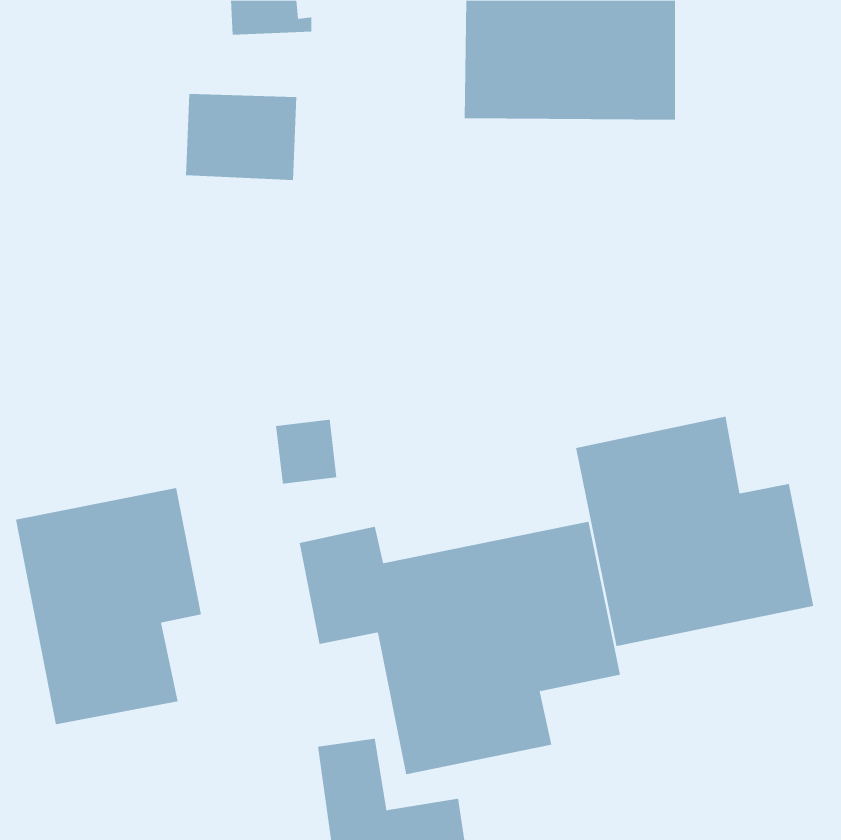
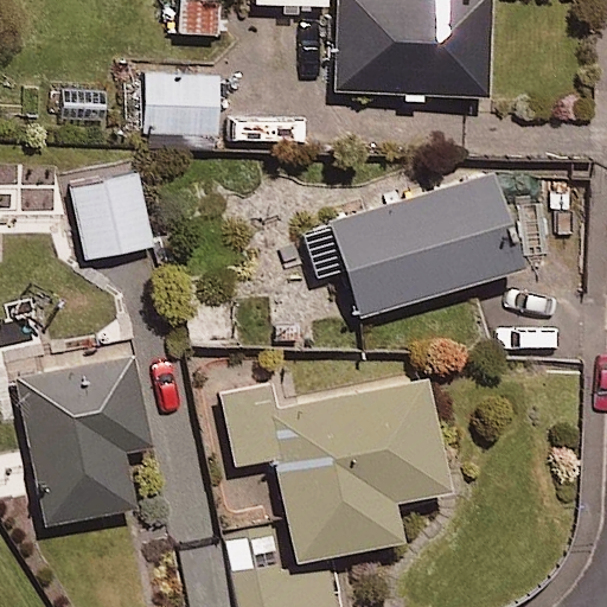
building: none -> [302,171,519,315]
building: none -> [72,175,154,260]
building: [575,416,814,647] -> none

